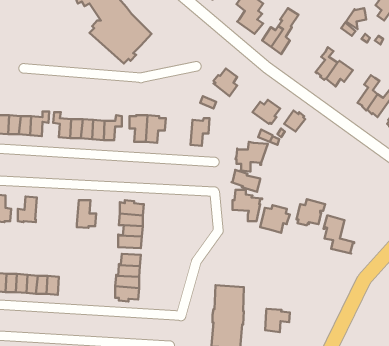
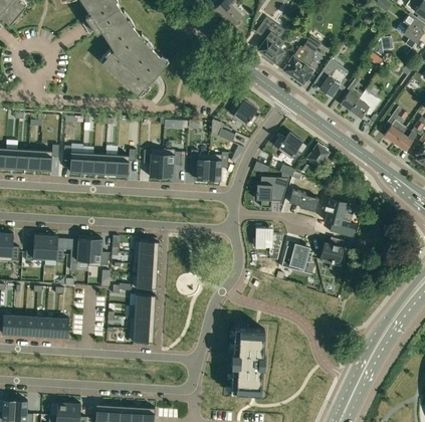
building: none -> [316,59,350,96]
building: none -> [190,150,210,180]
building: [231,170,260,192] -> [288,189,318,212]
building: none -> [44,235,64,263]
building: none -> [70,237,90,263]
building: [323,215,354,254] -> [324,197,356,237]
building: [265,309,290,332] -> none

